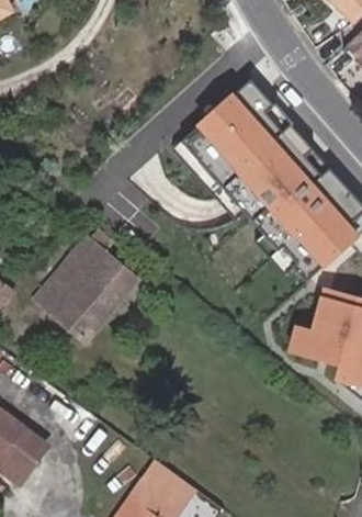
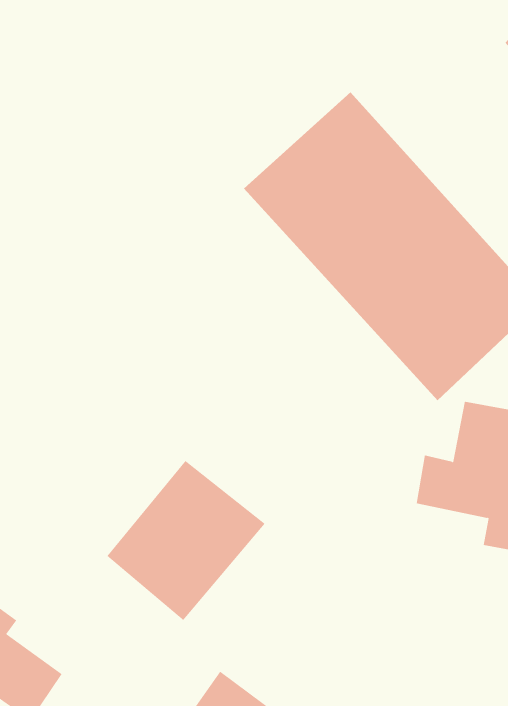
building: [36,236,140,341] -> [107,460,266,621]

